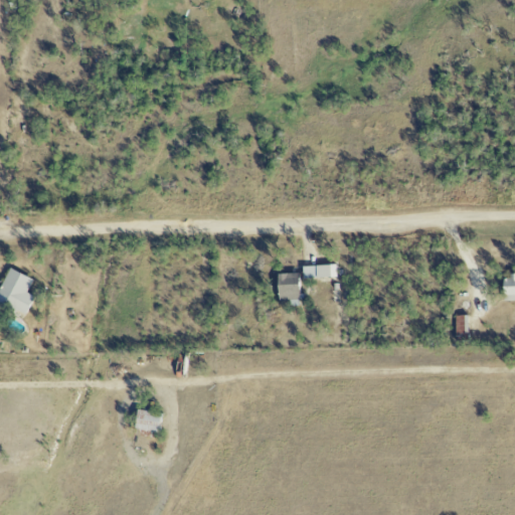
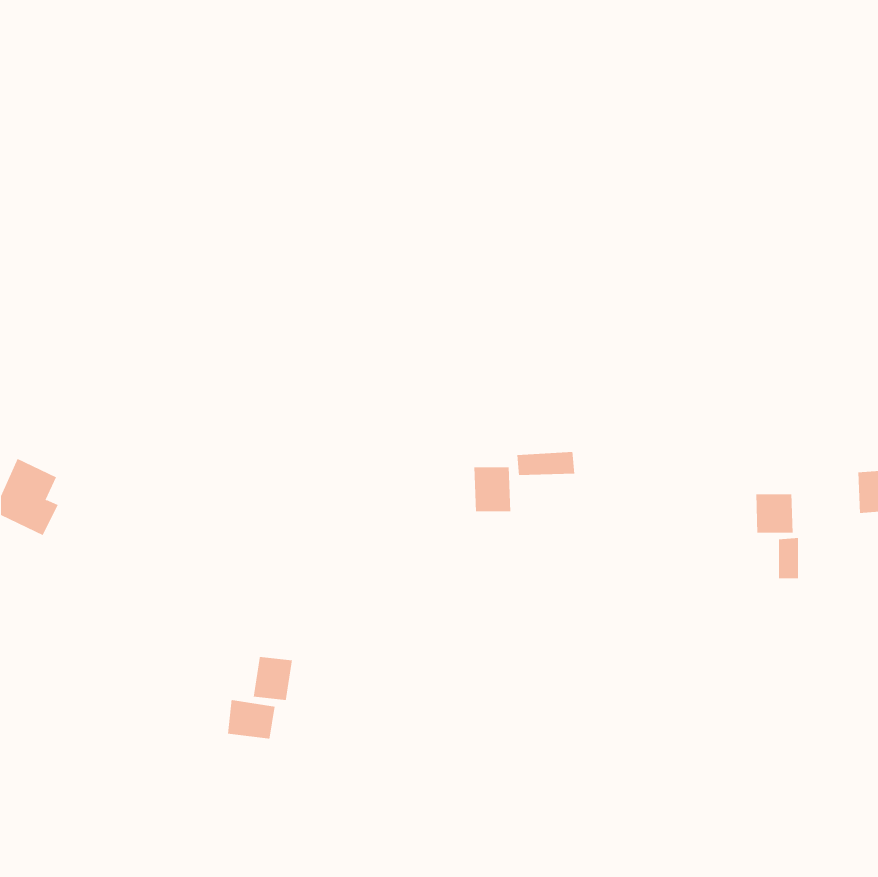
building: none -> [756,494,793,534]
building: none -> [253,656,292,701]

